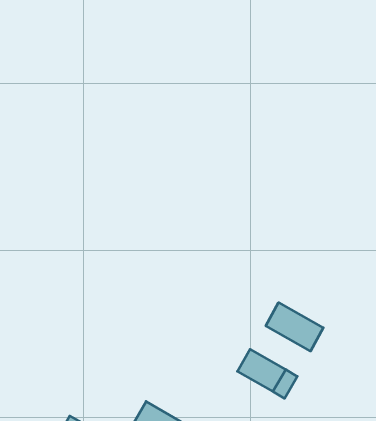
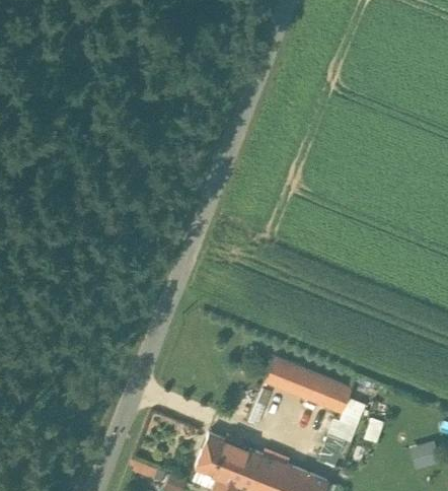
building: [266,303,323,351] -> none
building: none -> [267,359,301,393]

